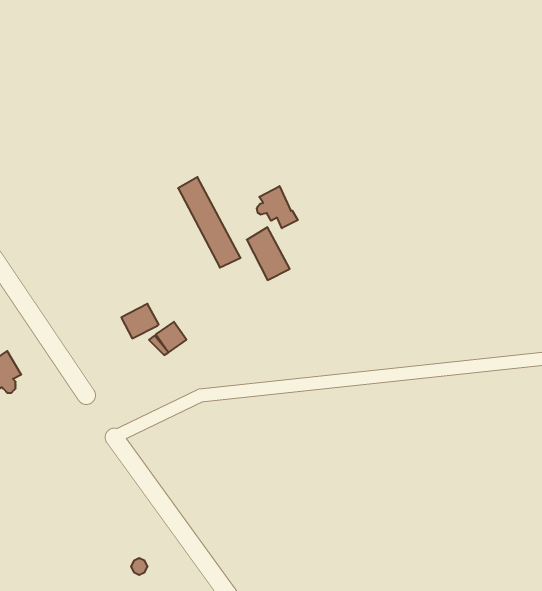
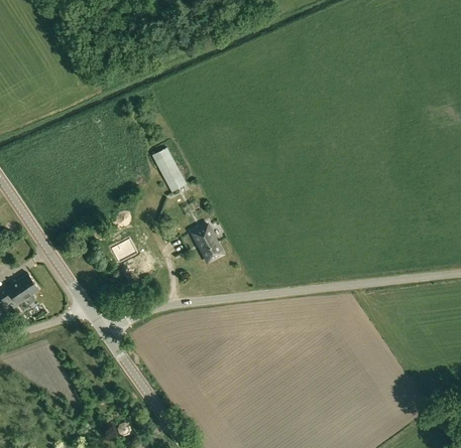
building: [257,186,298,228] -> none
building: [247,227,290,280] -> [192,225,223,263]

